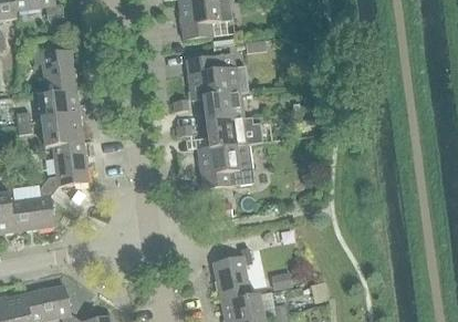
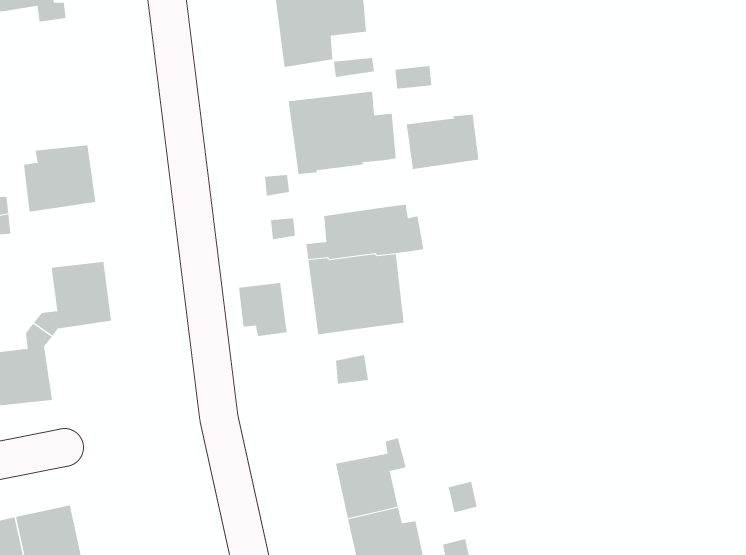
building: [31,46,74,86] -> none
building: [202,92,243,123] -> [406,114,479,170]
building: [41,115,83,152] -> none
building: none -> [238,282,287,337]

